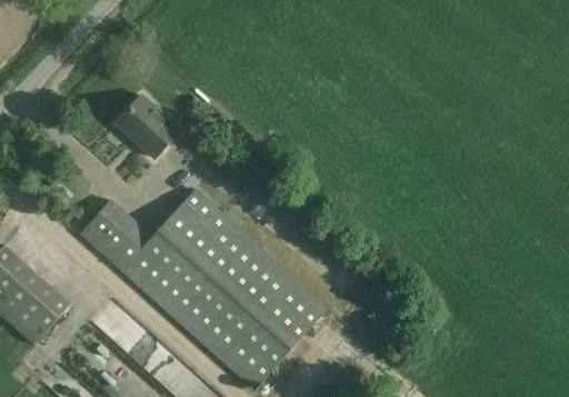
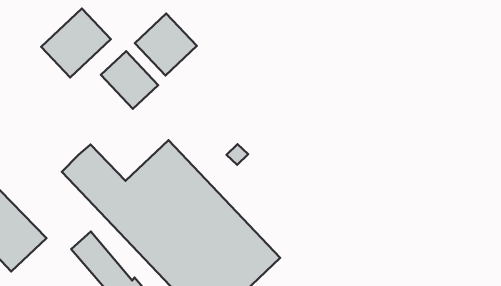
building: none -> [135,14,197,76]
building: none -> [41,9,111,77]

